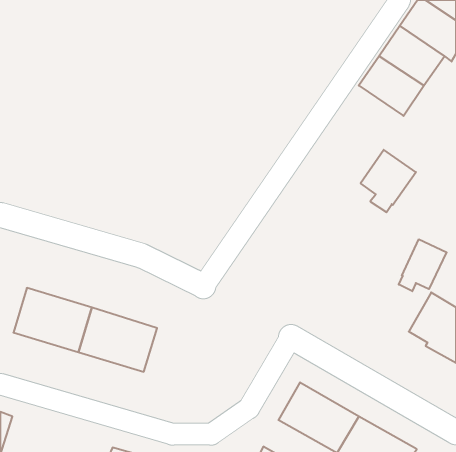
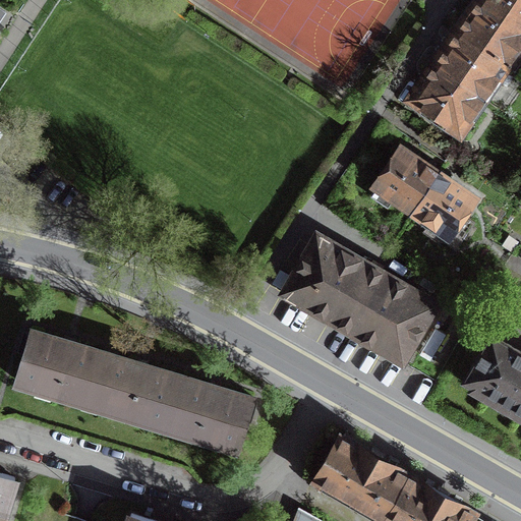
building: none -> [370,152,438,214]
building: none -> [277,229,444,360]
building: [399,239,447,291] -> none
building: none -> [164,379,254,452]

